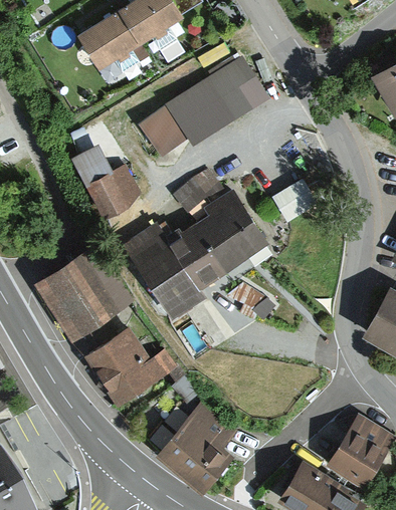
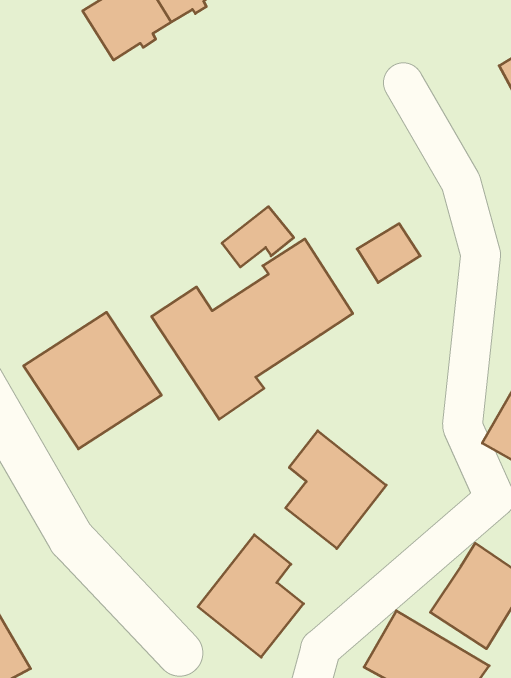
building: [139,56,269,159] -> none
building: [67,146,138,225] -> none
building: [83,328,174,409] -> none
building: none -> [286,431,386,549]

